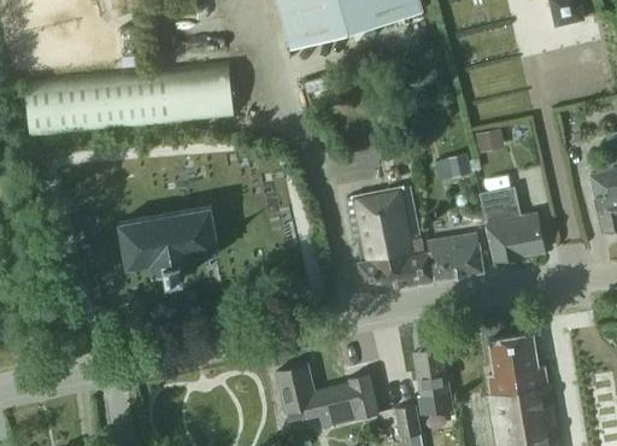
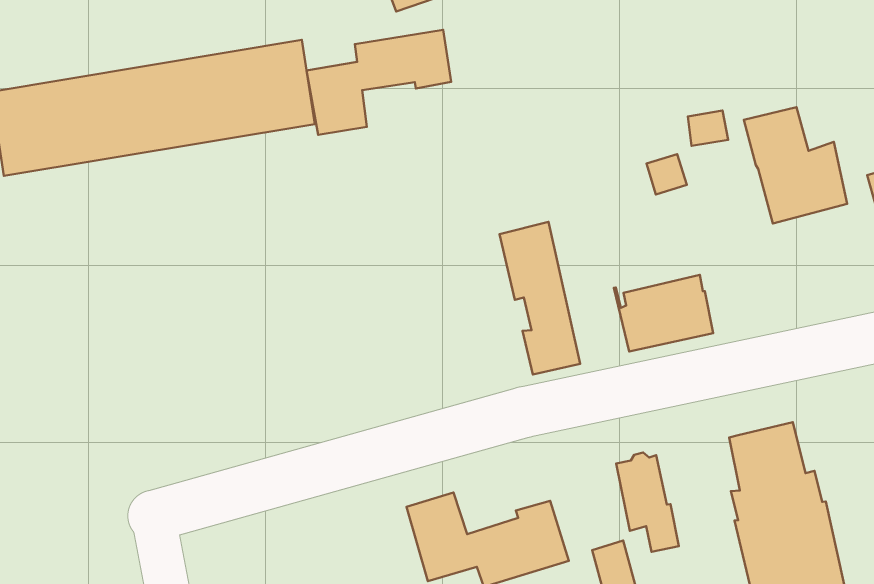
building: none -> [307,30,451,135]
building: [480,187,543,262] -> [744,107,847,223]
building: [381,188,428,286] -> none
building: [119,206,219,280] -> none

